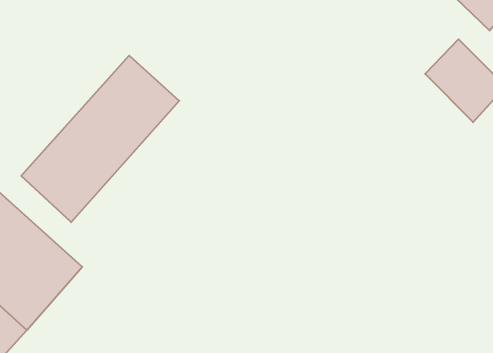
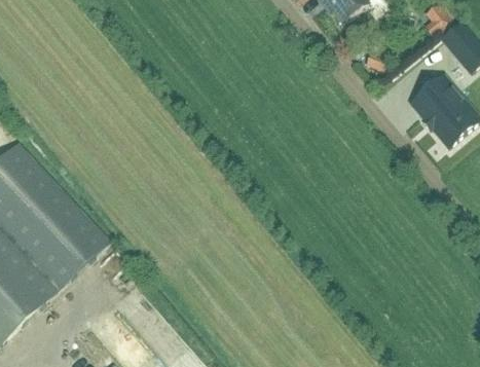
building: [21,56,179,222] -> none

